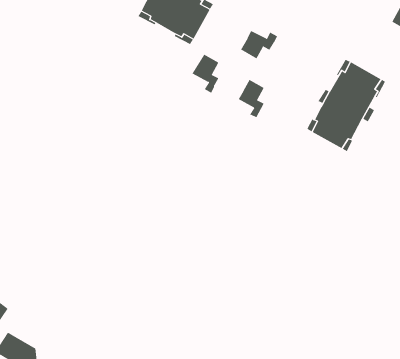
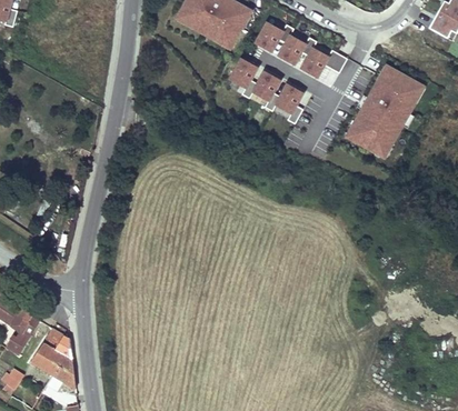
building: none -> [253,23,292,52]
building: none -> [300,49,346,78]
building: none -> [251,72,279,112]
building: none -> [42,325,71,357]

